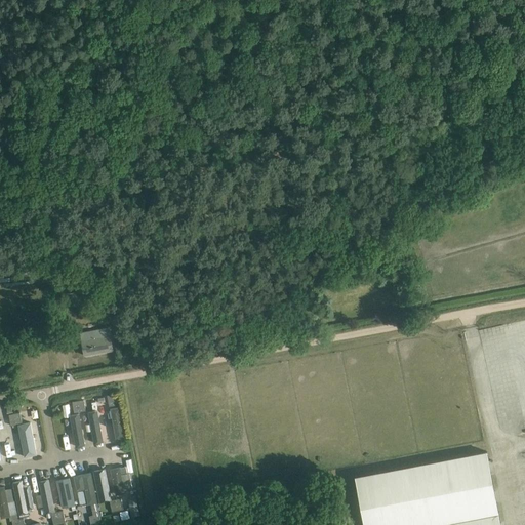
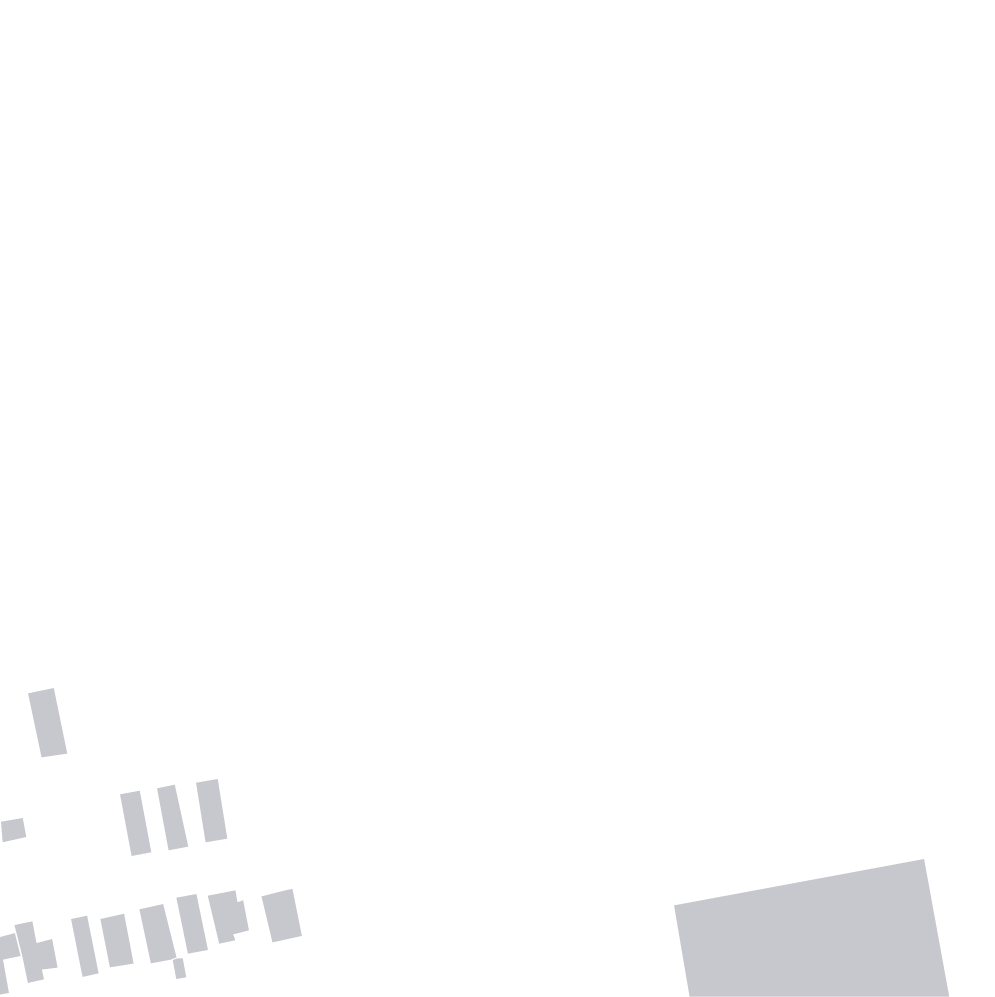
building: [81,335,112,356] -> none
building: [17,421,39,458] -> [27,687,68,758]
building: none -> [261,888,302,943]

